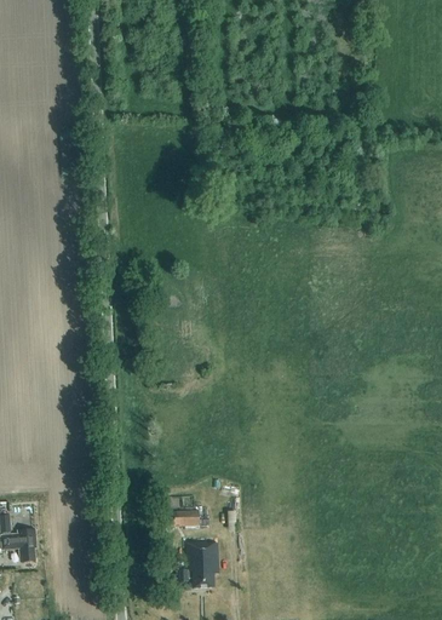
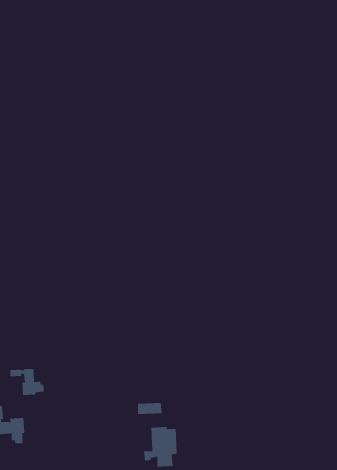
building: none -> [10,368,45,396]

